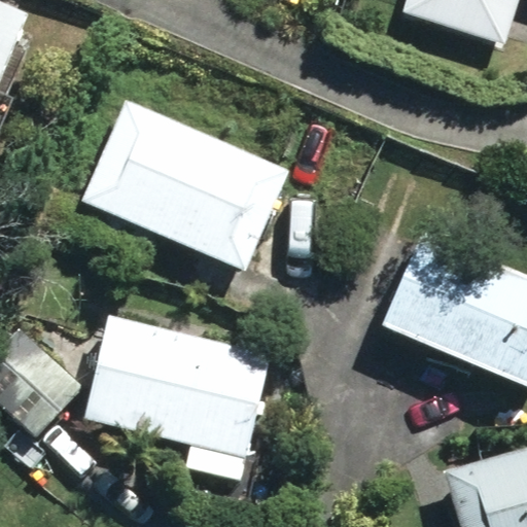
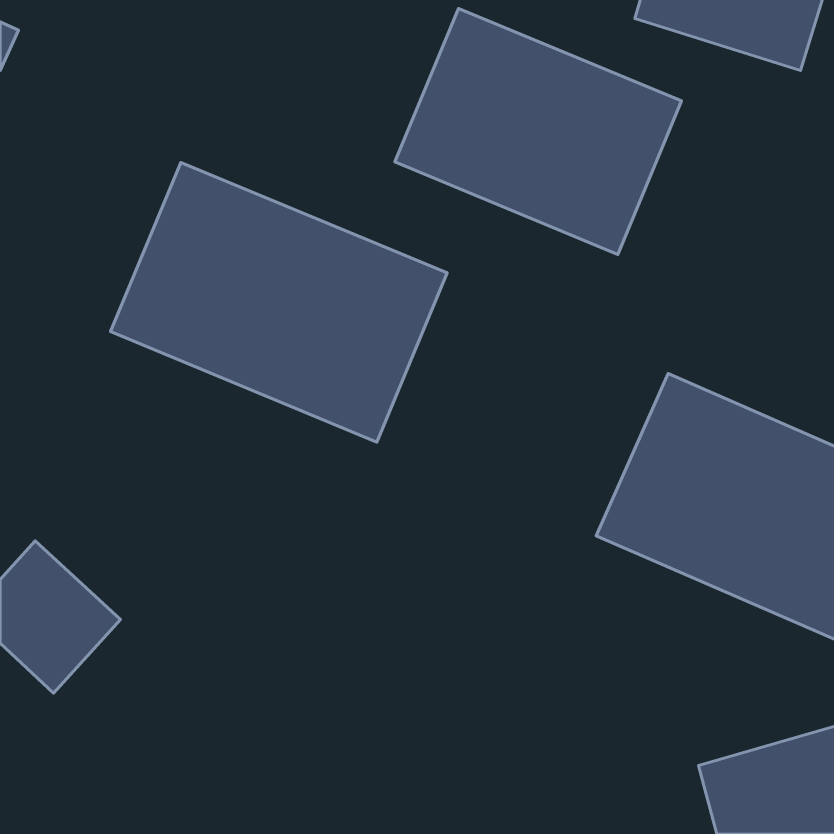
building: none -> [395,8,681,254]
building: [81,316,270,481] -> none

